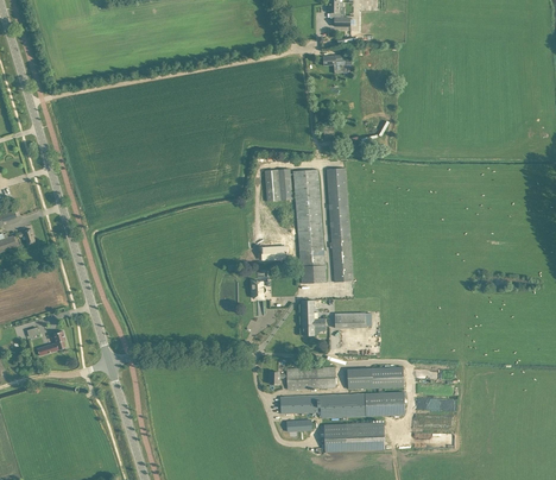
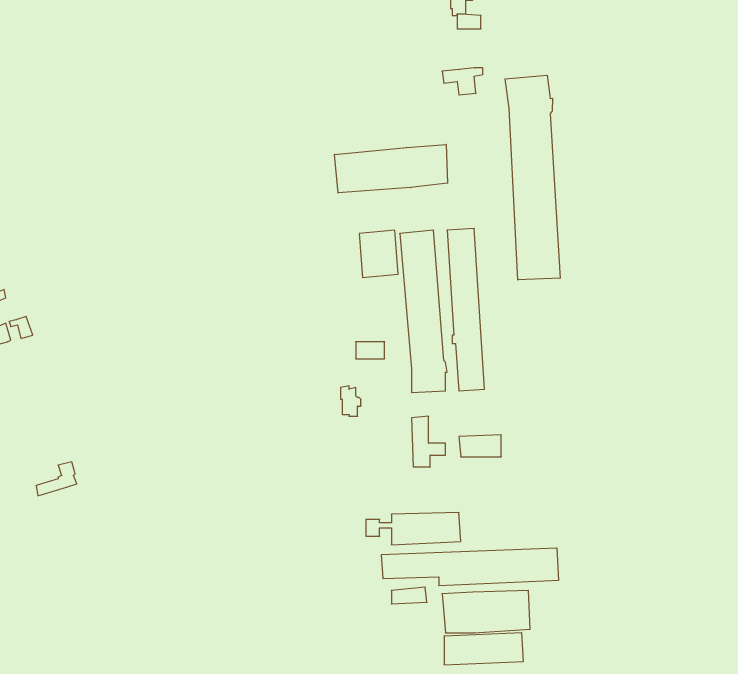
building: none -> [505,75,560,280]
building: none -> [335,144,448,193]
building: [348,365,404,387] -> [444,633,523,665]

